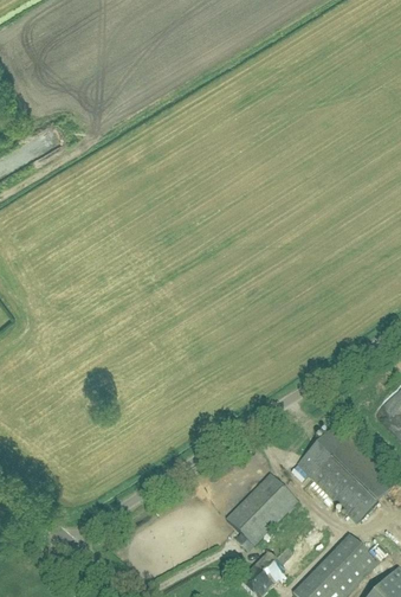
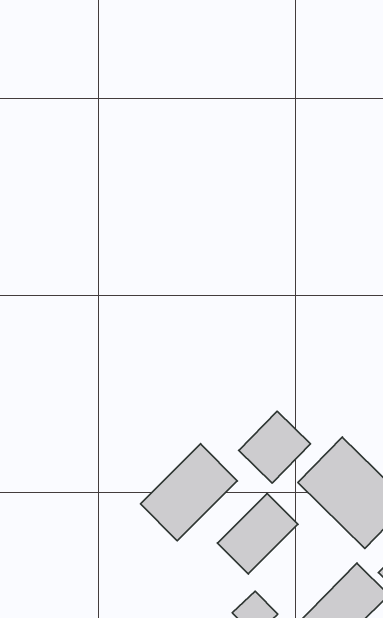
building: none -> [239,411,310,483]
building: none -> [141,444,237,541]

